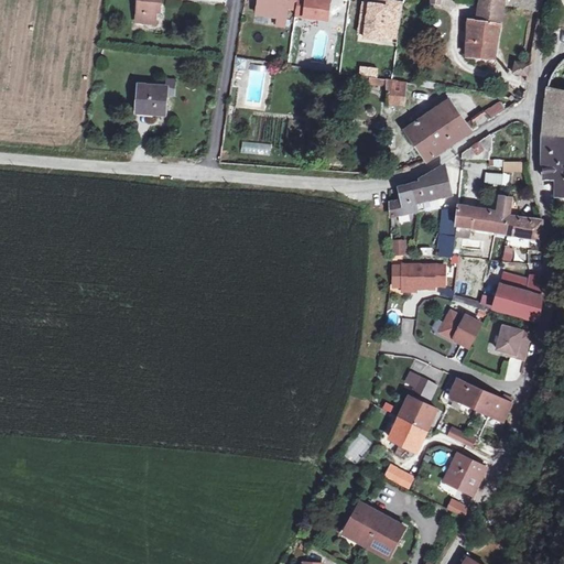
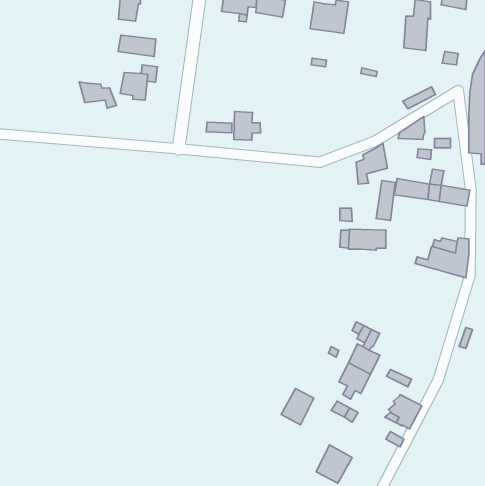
building: none -> [118,35,156,57]
building: [367,78,404,105] -> none
building: none -> [79,82,116,108]
building: [404,101,468,161] -> none
building: none -> [234,112,261,140]
building: [390,187,413,217] -> none
building: [445,312,484,348] -> none
building: [497,326,530,359] -> none
building: [449,378,511,421] -> none
building: [343,502,380,544] -> [281,389,314,425]

